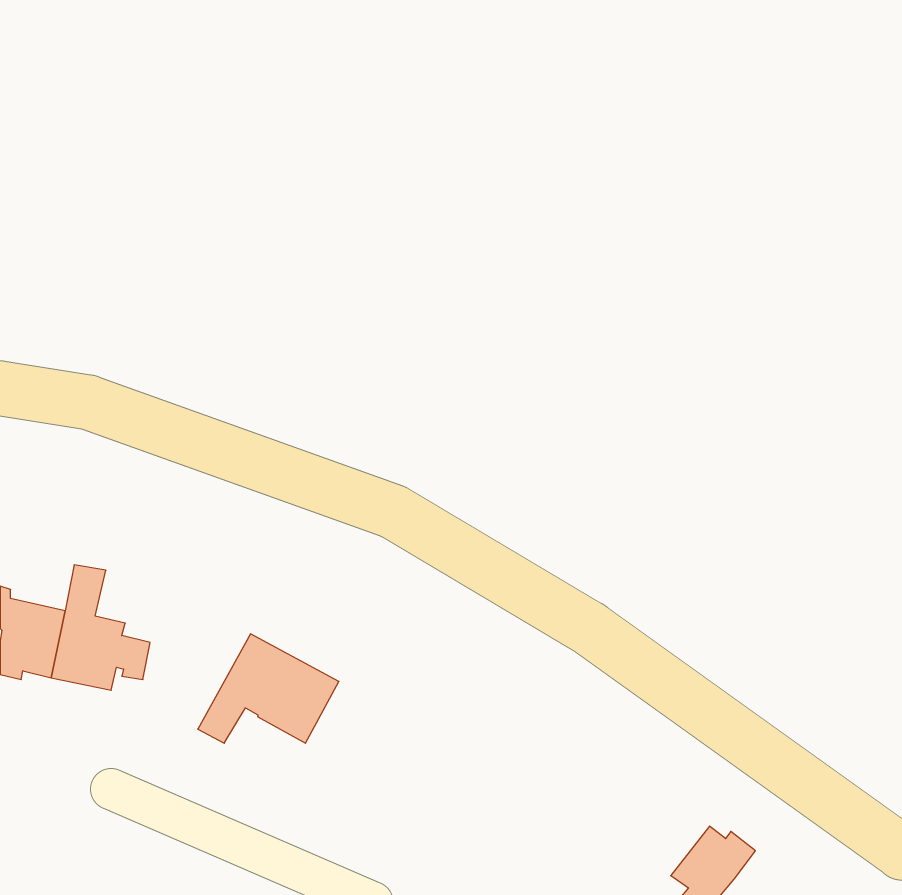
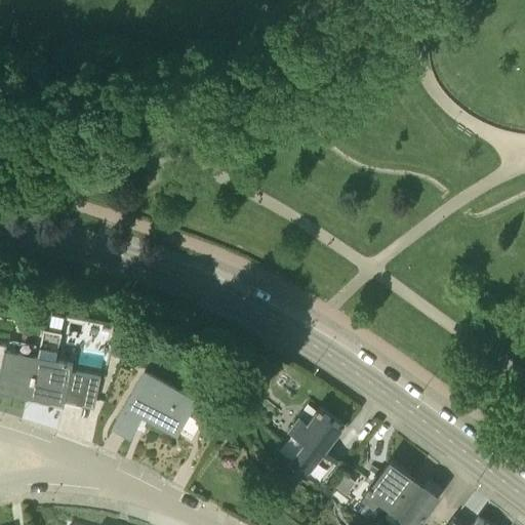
building: none -> [287,410,340,489]
building: none -> [362,462,412,513]

